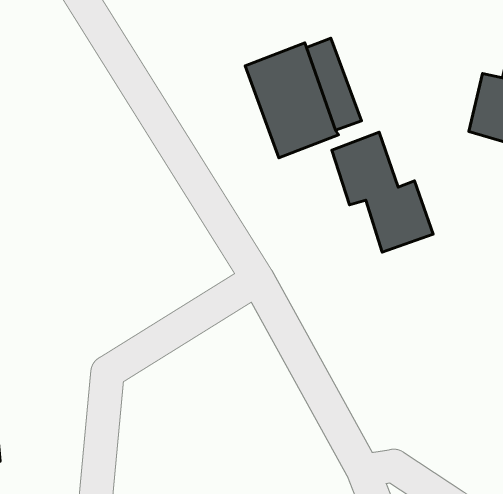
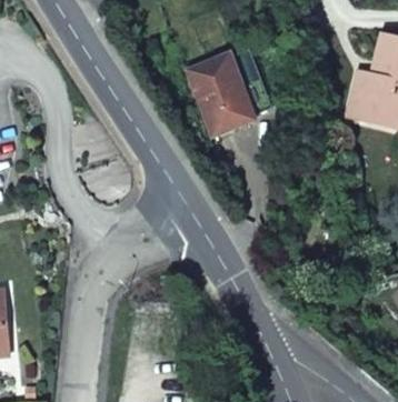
building: [332,132,433,252] -> none

